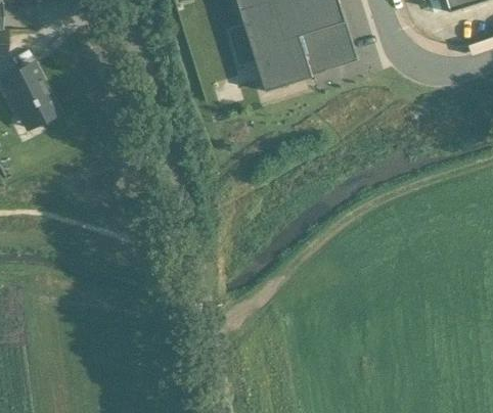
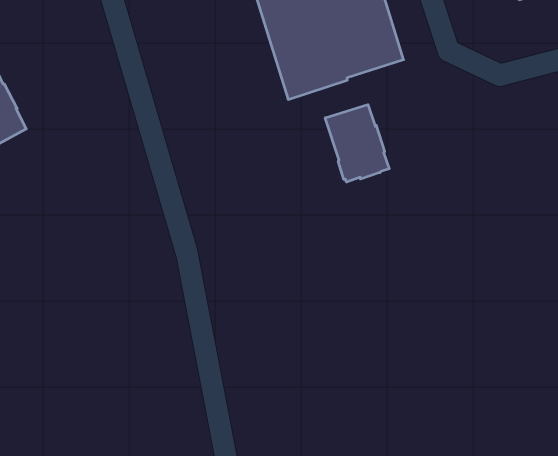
building: none -> [325,105,389,182]

